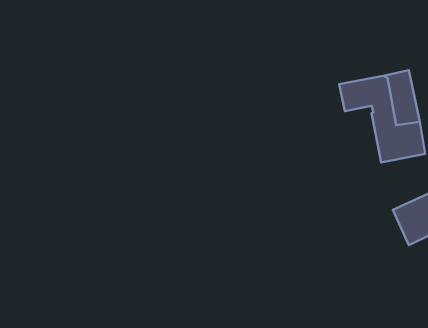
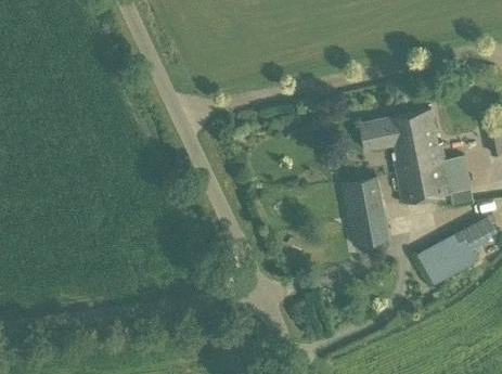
building: none -> [342,176,391,246]

